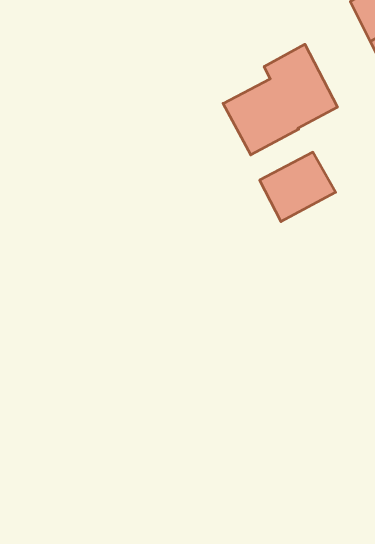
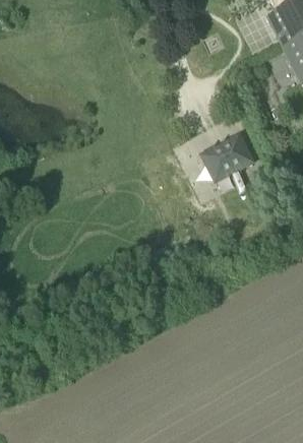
building: [223,44,337,155] -> none

